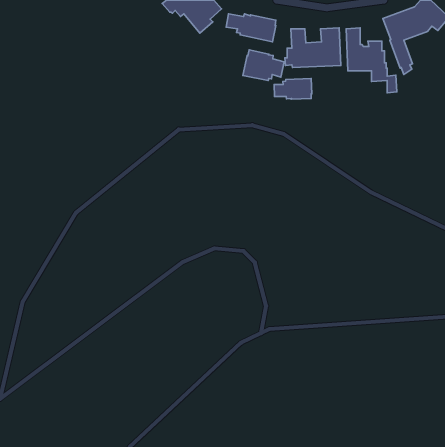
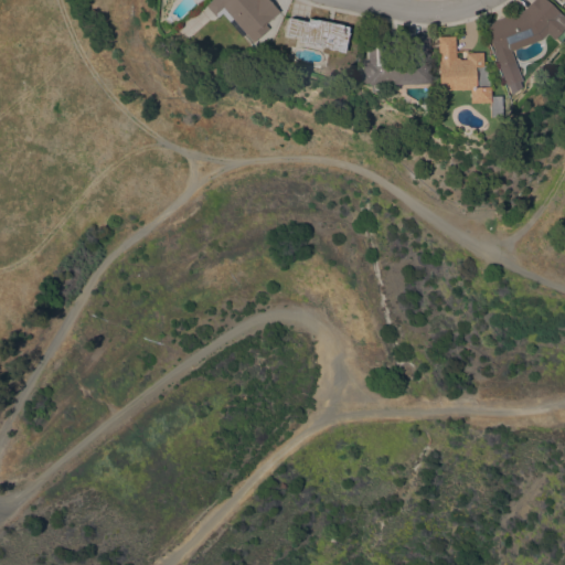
building: [243,50,284,80] -> none
building: [274,79,312,99] -> none

